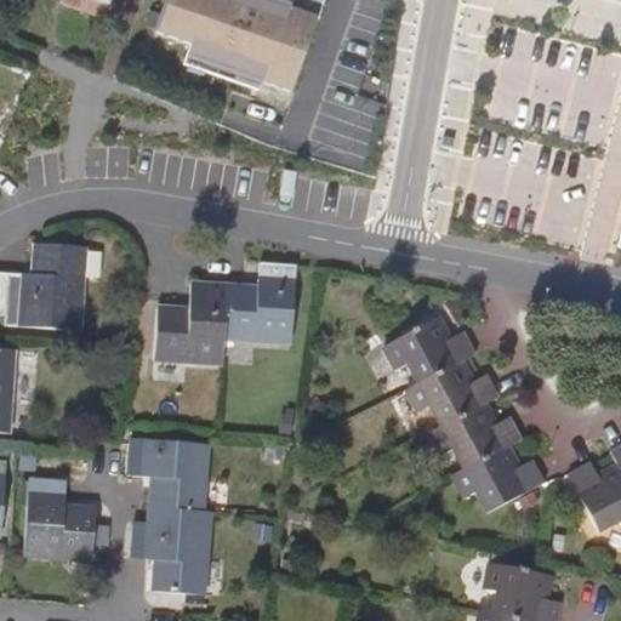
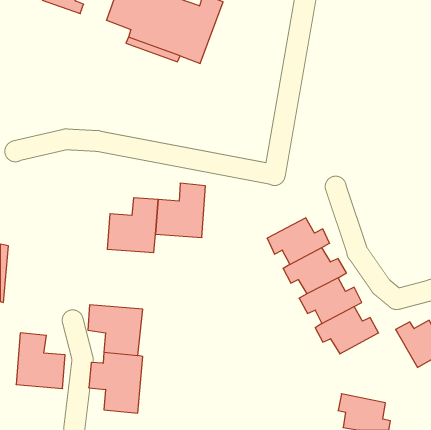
building: [6,243,82,330] -> none

